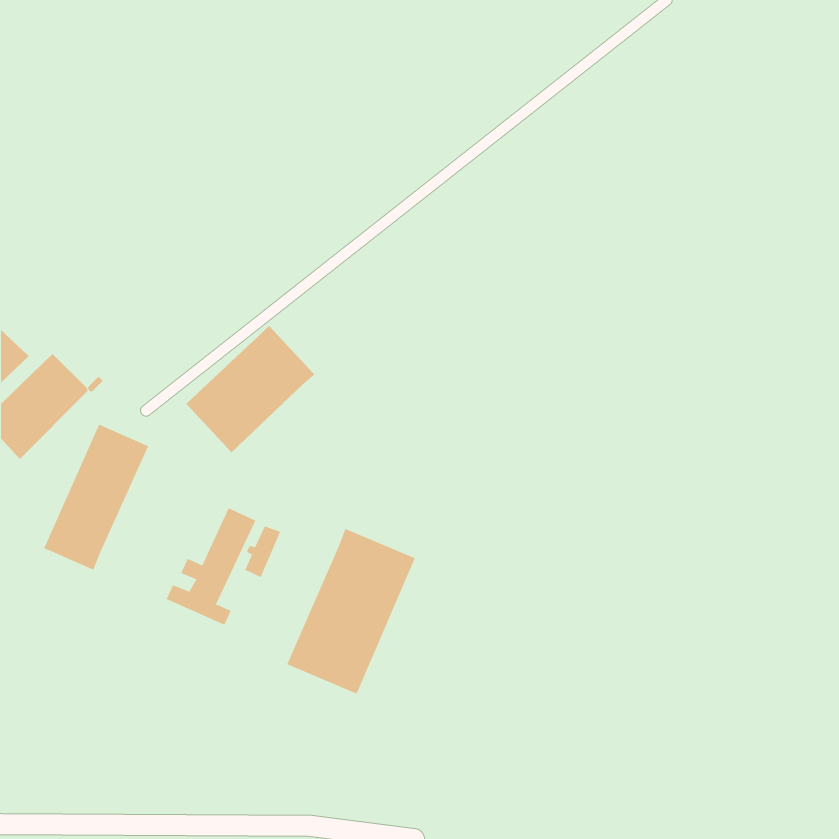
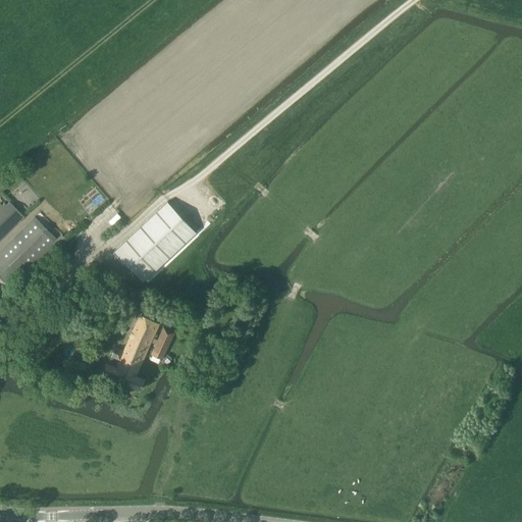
building: [44,424,149,570] -> none
building: [287,528,415,694] -> none

